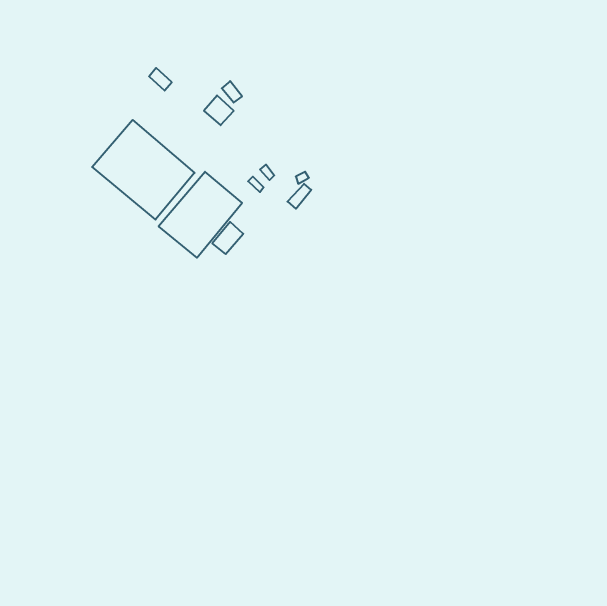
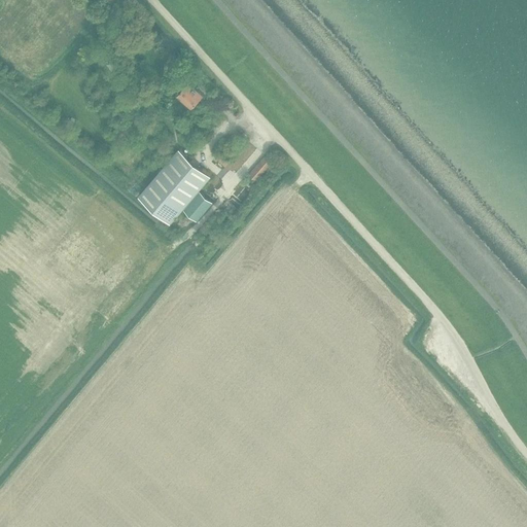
building: [92,120,195,220] -> none

